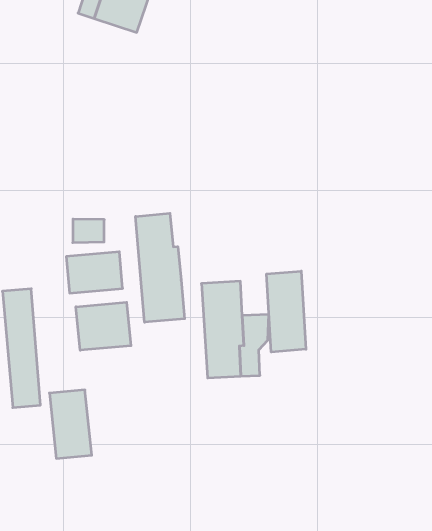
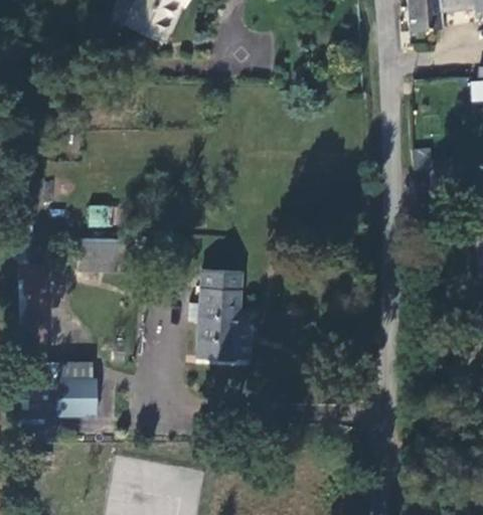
building: [136,213,185,322] -> none
building: [267,271,306,352] -> none
building: [76,302,131,350] -> none

